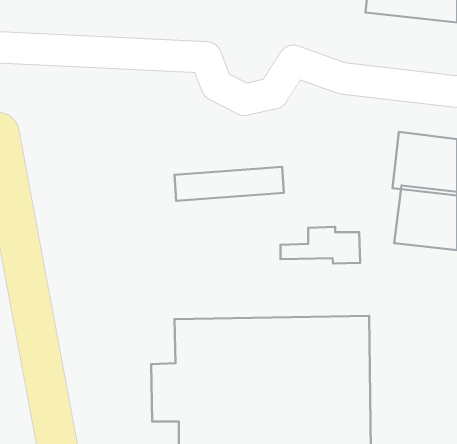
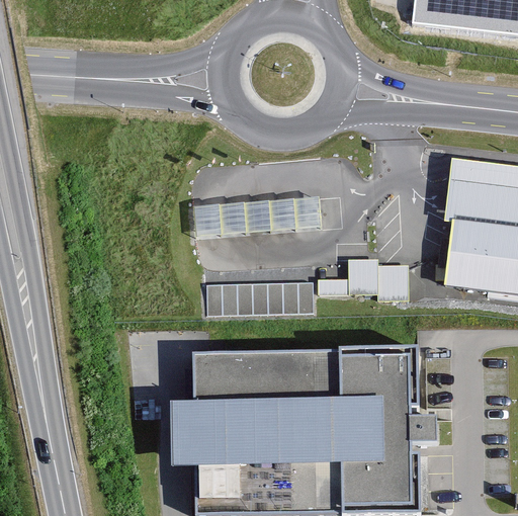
building: none -> [205,281,312,316]

